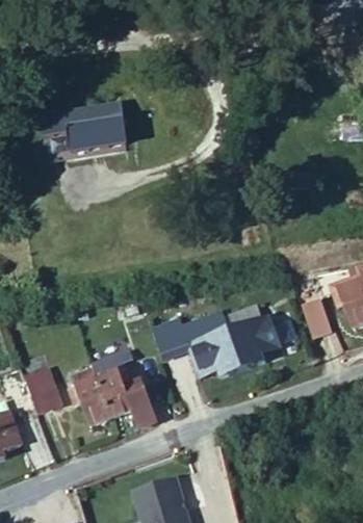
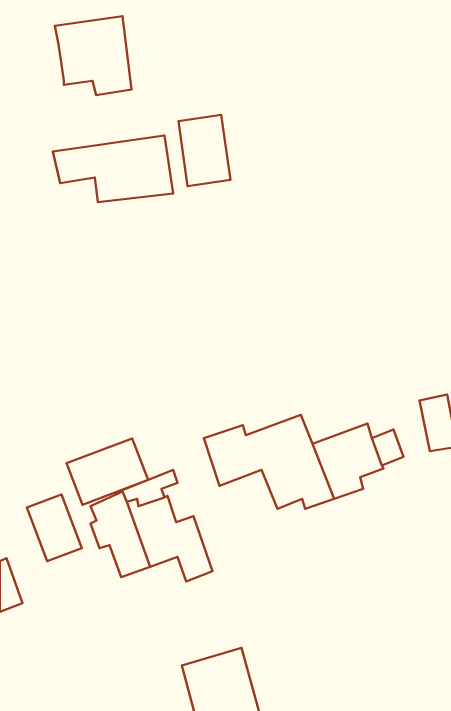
building: none -> [55,16,131,95]
building: none -> [178,115,230,186]
building: none -> [67,438,148,505]

